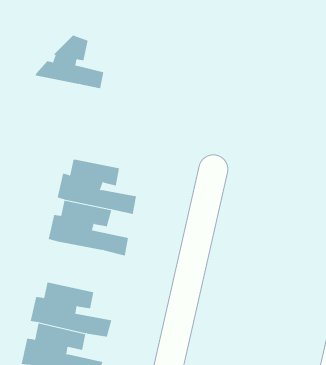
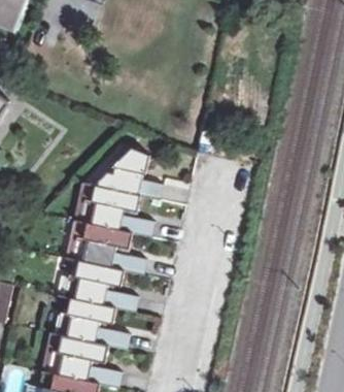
building: [35,35,104,89] -> [96,148,160,197]
building: none -> [63,260,137,311]

